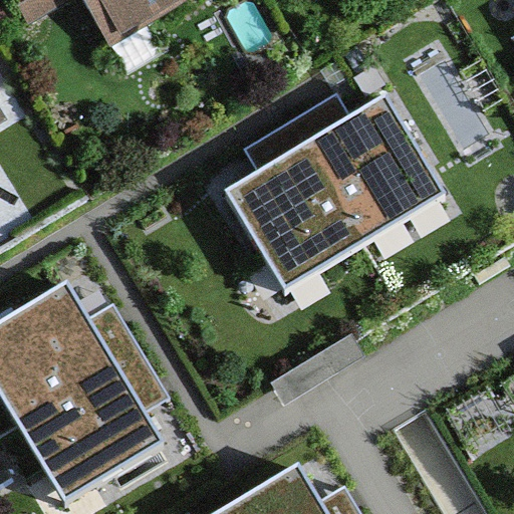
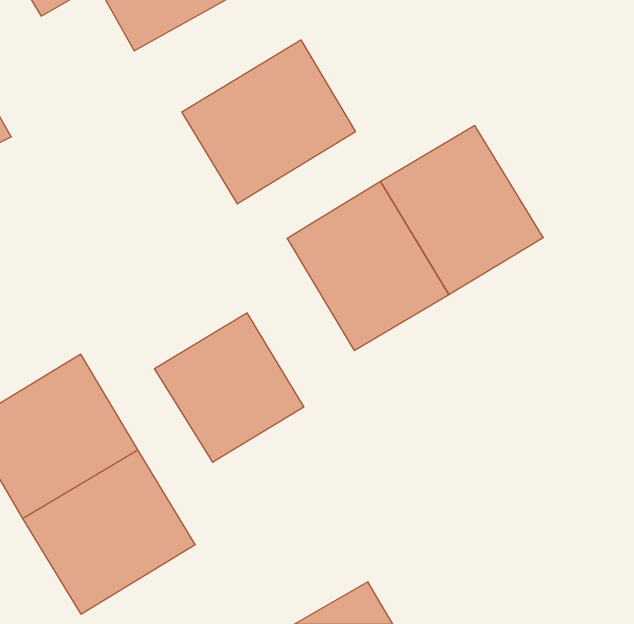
building: none -> [182,40,355,204]
building: none -> [155,313,304,462]

